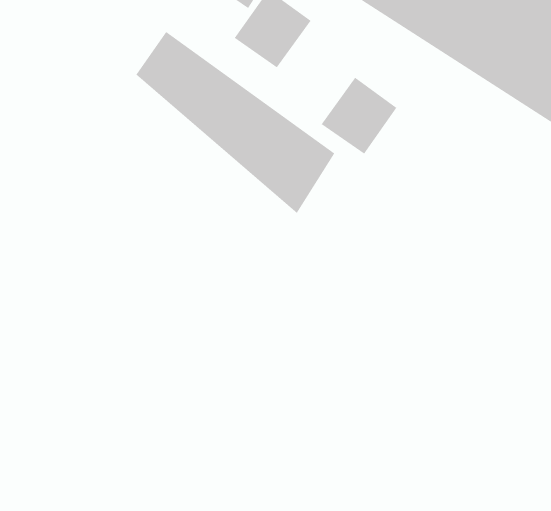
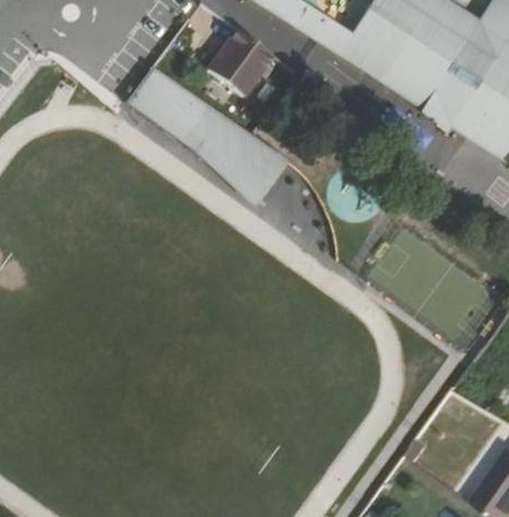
building: [321,77,397,155] -> none

